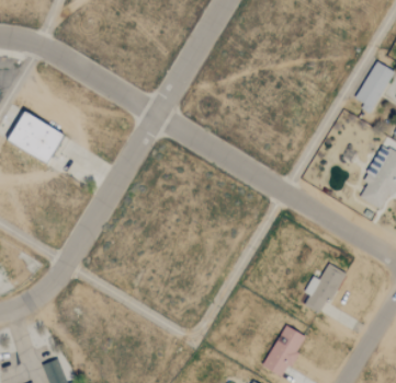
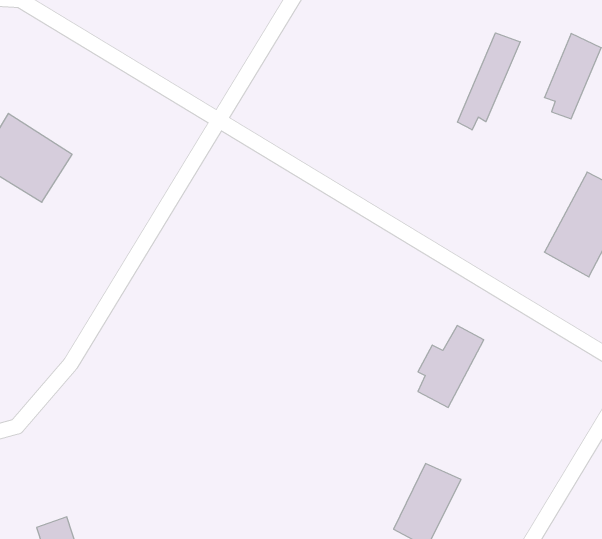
building: none -> [458,33,520,130]
building: [305,264,346,314] -> [418,326,484,407]

